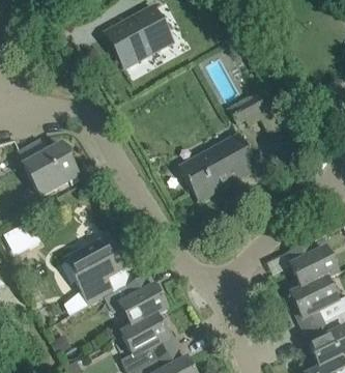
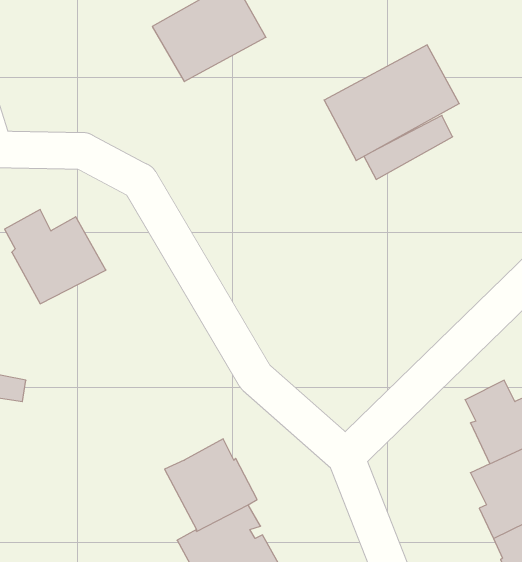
building: [178,133,257,200] -> [324,45,459,161]
building: [64,238,121,305] -> none

